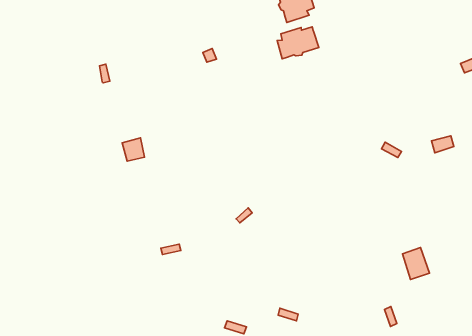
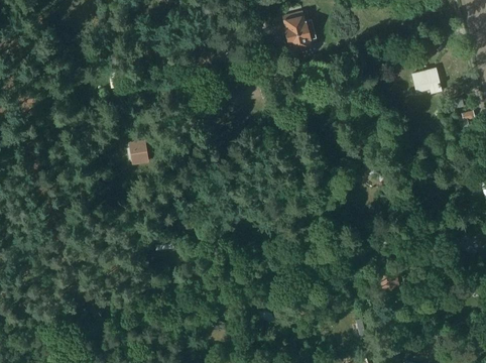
building: [277,27,319,59] -> none
building: none -> [412,68,440,88]

